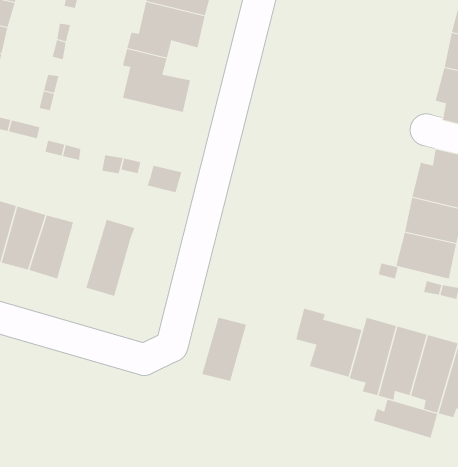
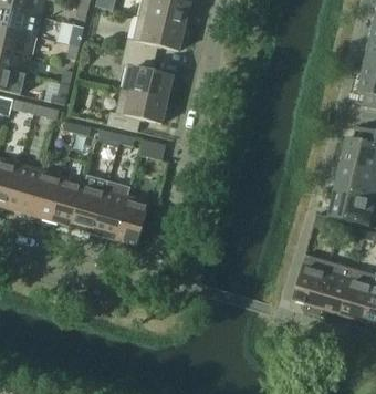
building: none -> [107,87,167,131]
building: none -> [72,174,108,231]
building: [296,308,362,378] -> none
building: [202,317,247,382] -> [115,195,149,243]
building: [373,399,438,438] -> none

